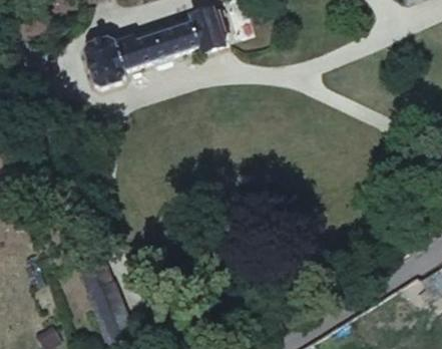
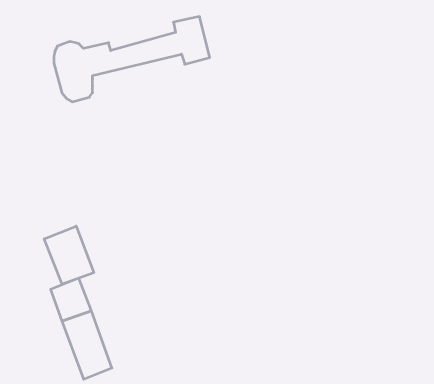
building: none -> [44,226,94,284]

